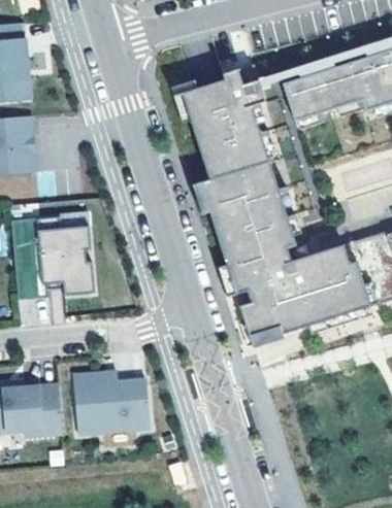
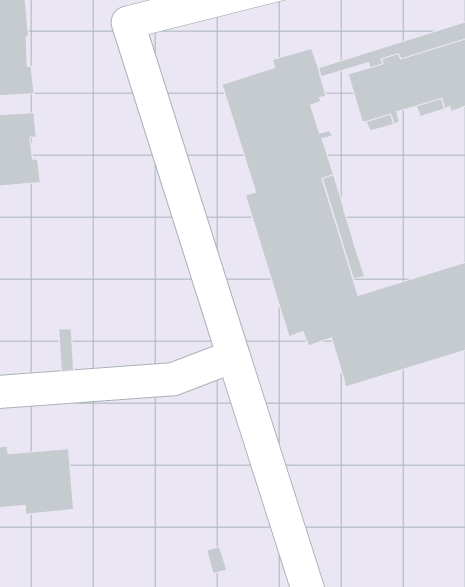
building: [11,215,95,297] -> none
building: [238,294,279,334] -> none
building: [73,371,151,433] -> none

